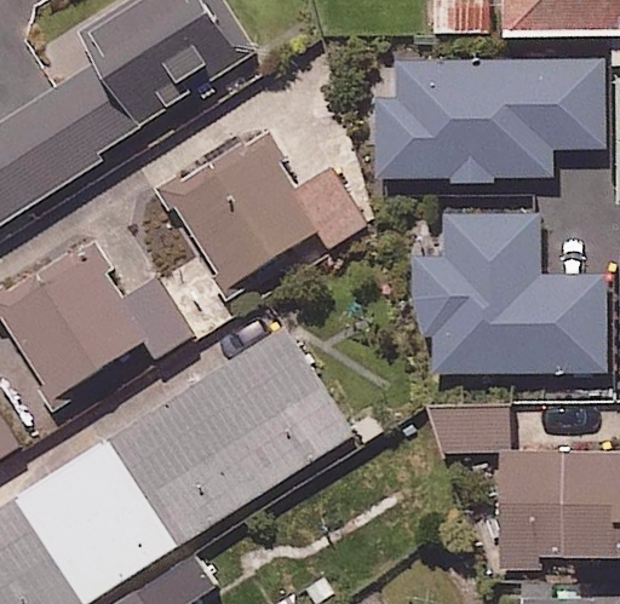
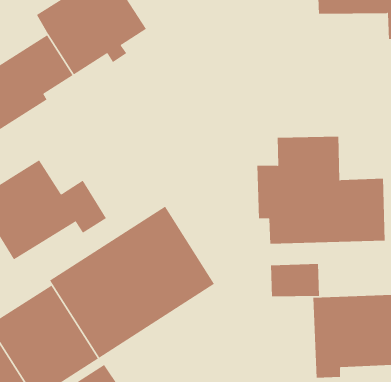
building: [375,59,605,185] -> none
building: [167,133,369,284] -> none

